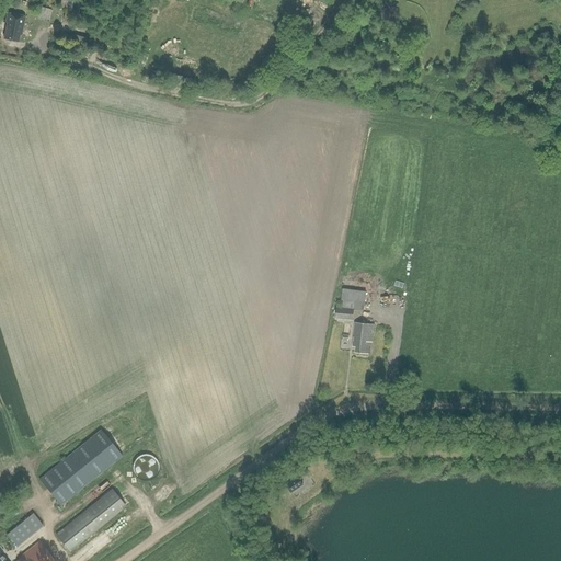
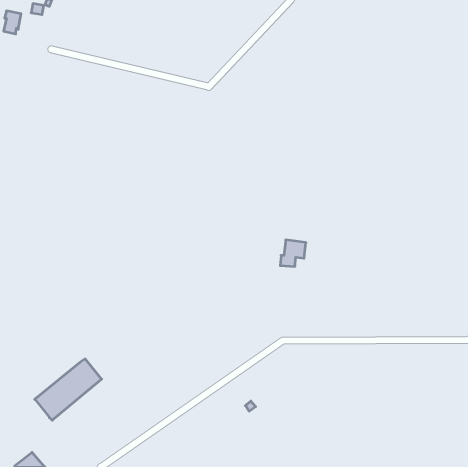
building: [352,321,374,353] -> none
building: [56,489,125,550] -> none
building: [8,515,39,546] -> none

